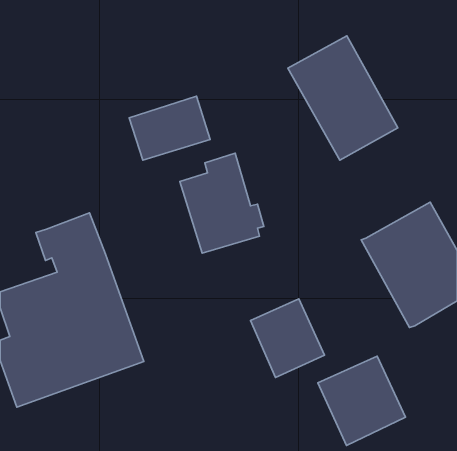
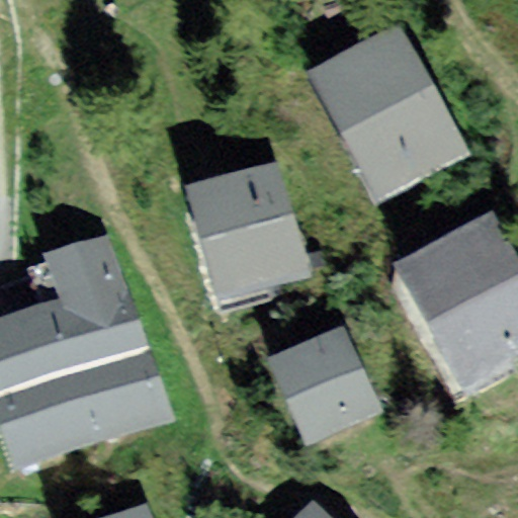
building: [129,96,210,160] -> none
building: [318,356,405,445] -> none

